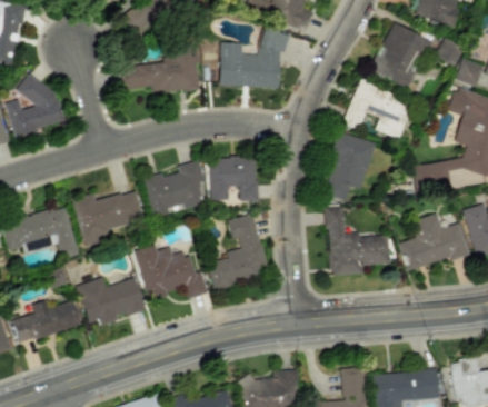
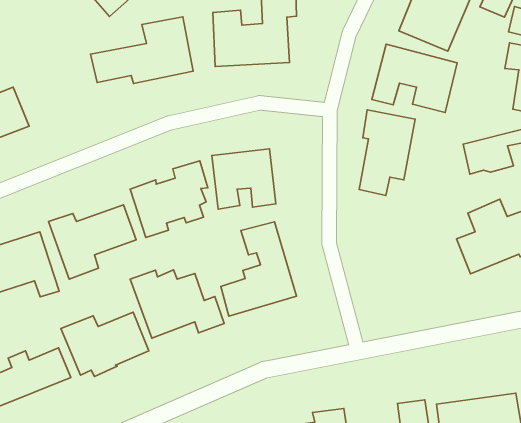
building: [327,206,390,276] -> none

